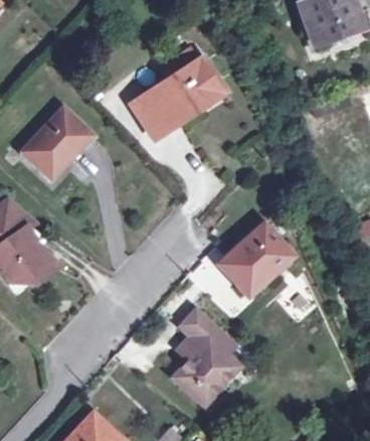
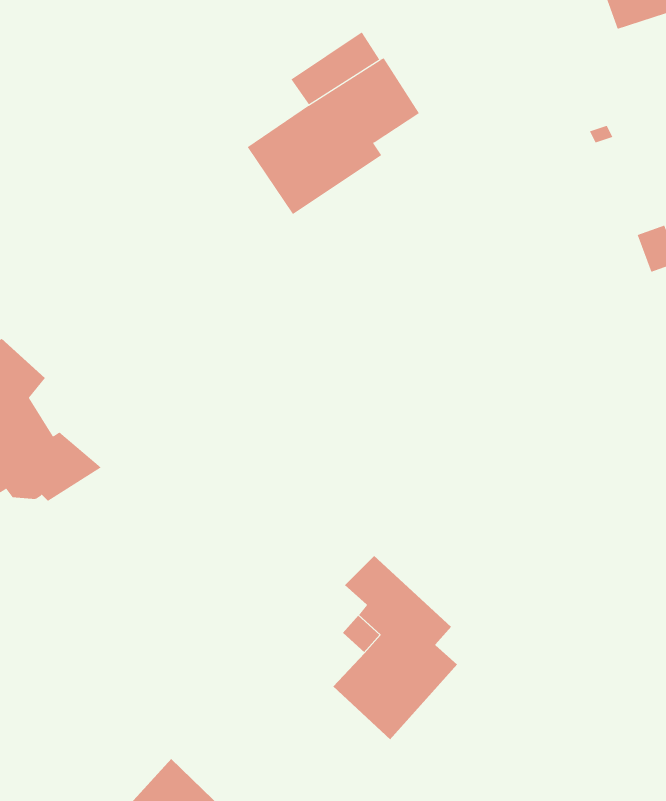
building: [25,108,91,177] -> none
building: [219,223,292,295] -> none

